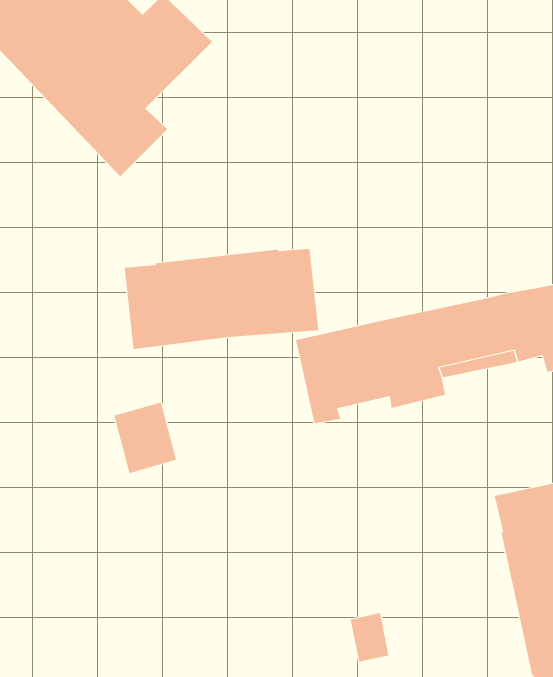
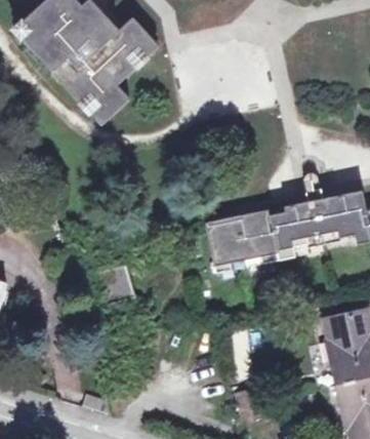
building: [124,248,319,350] -> none

